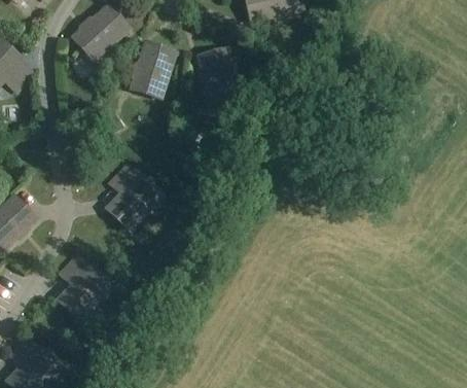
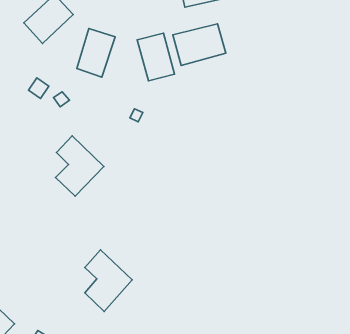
building: none -> [173,24,226,65]
building: [59,252,111,320] -> [85,250,132,311]

